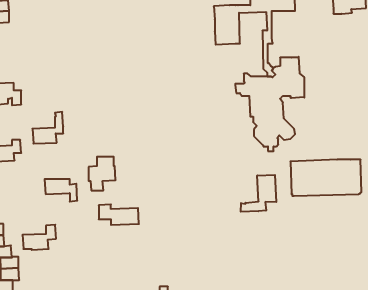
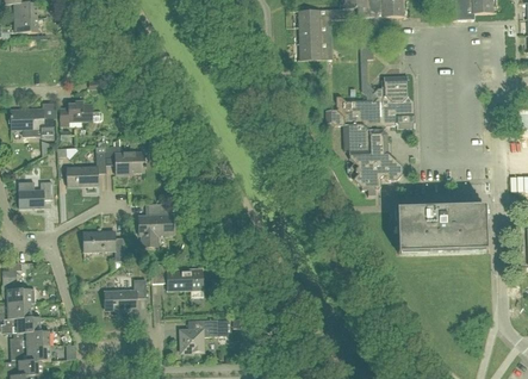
building: none -> [61,100,103,122]
building: none -> [105,145,144,174]
building: [241,175,276,212] -> none
building: [22,225,56,250] -> [104,278,147,310]
building: none -> [180,318,218,352]

